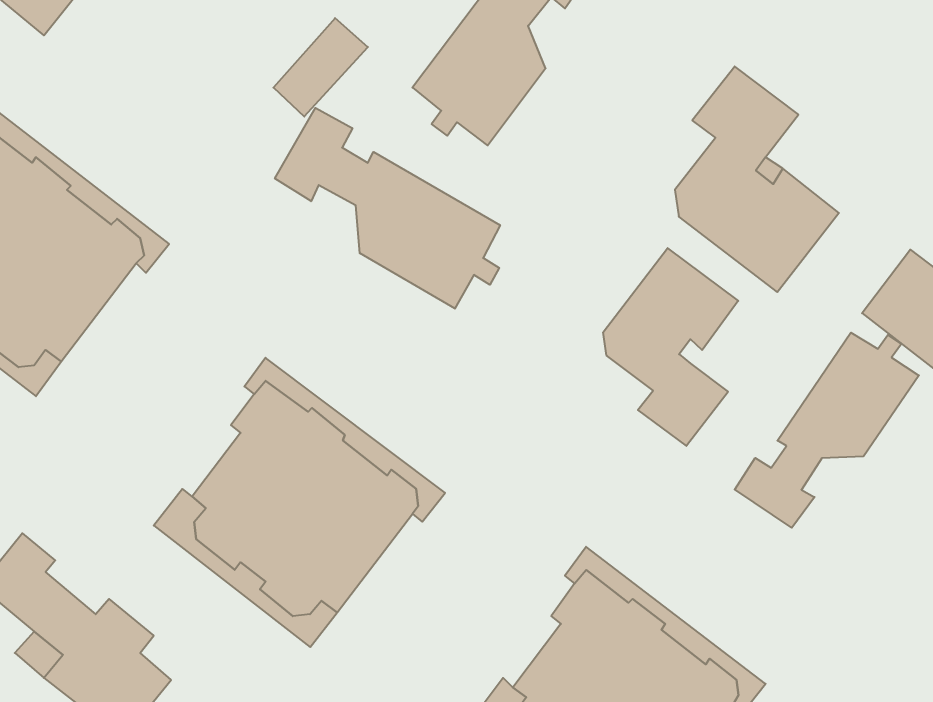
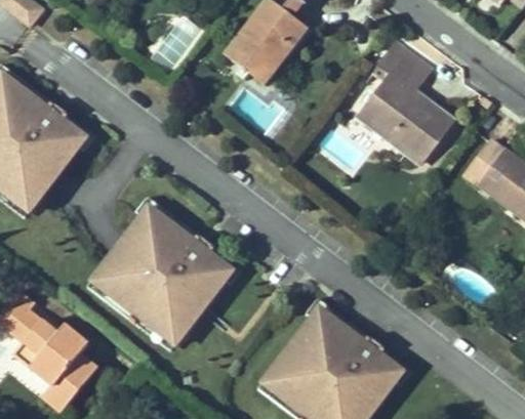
building: [275,108,500,309] -> none
building: [603,248,738,446] -> none
building: [735,333,919,528] -> none

